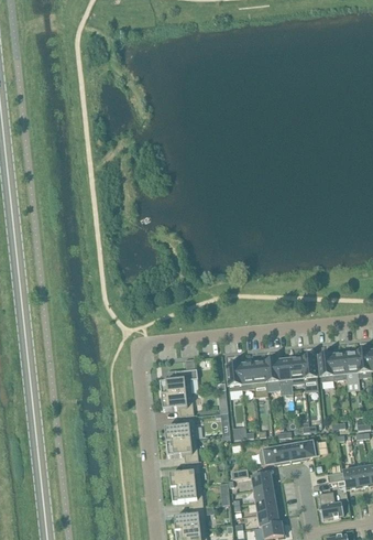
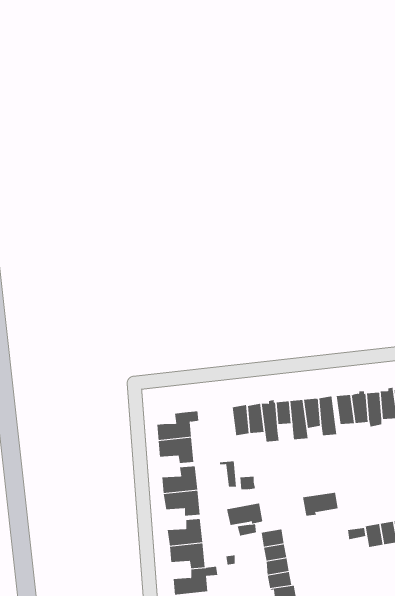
building: [257,444,290,464] -> [226,503,264,526]
building: [318,490,343,517] -> none

